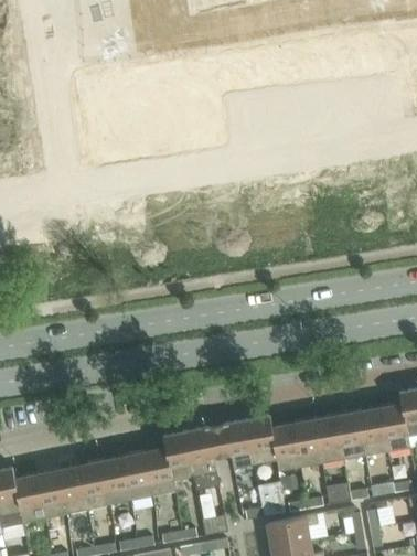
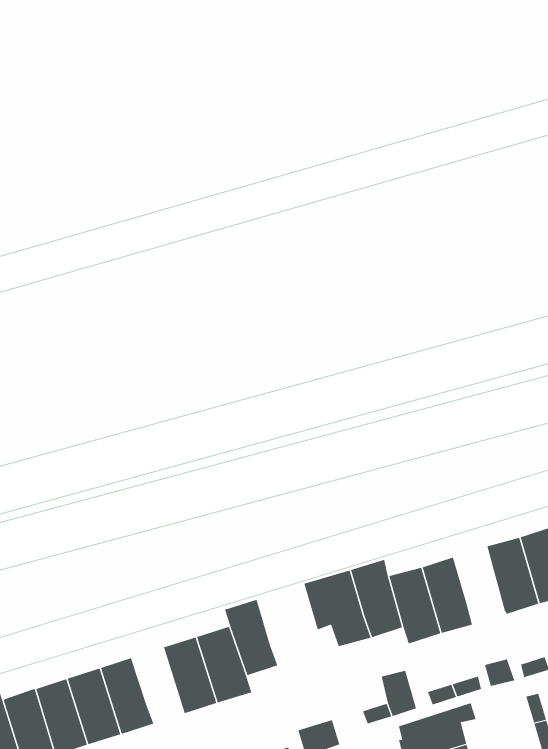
building: [313,414,343,463] -> none
building: [184,425,221,490] -> none
building: [99,456,129,504] -> none

